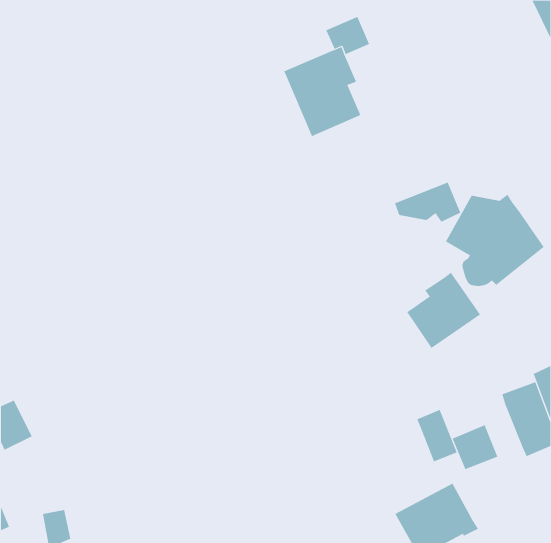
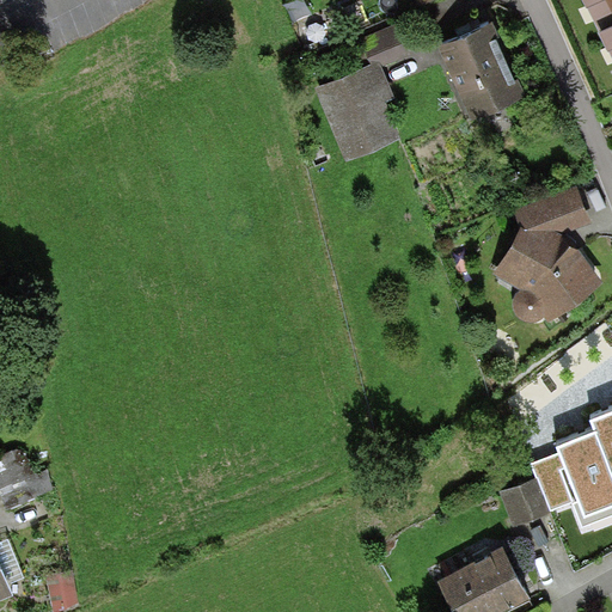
building: none -> [437,20,524,118]
building: [394,182,461,223] -> [518,188,592,233]
building: [406,272,481,349] -> none
building: [416,409,457,462] -> [533,457,579,515]

